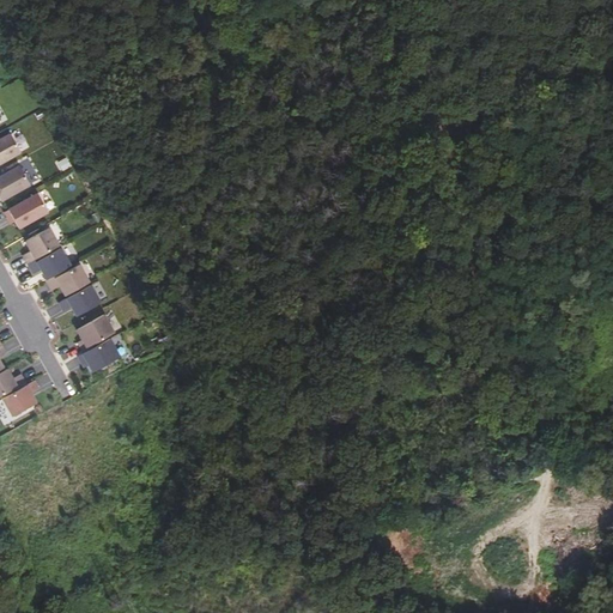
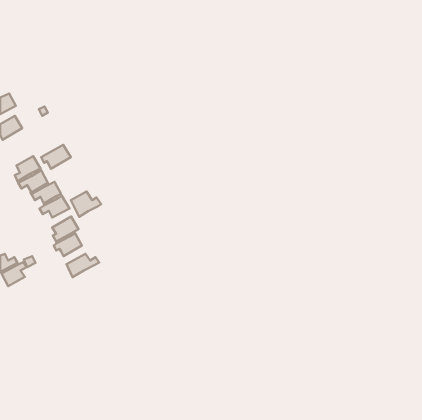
building: [7,195,50,230] -> [41,145,71,169]
building: none -> [71,191,101,217]
building: none -> [66,254,99,277]

